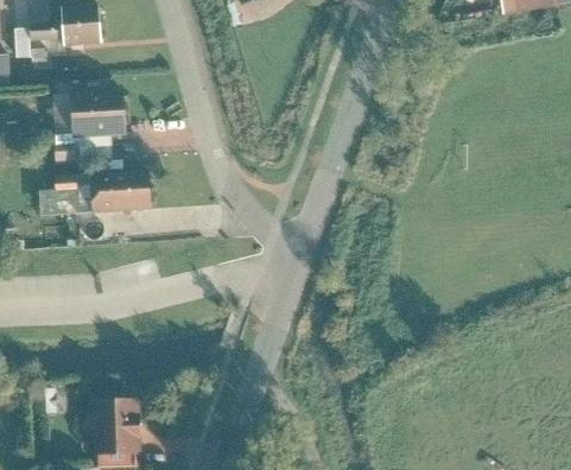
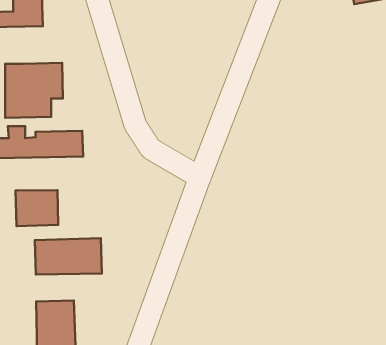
building: none -> [16,190,58,226]
building: none -> [35,238,102,274]

